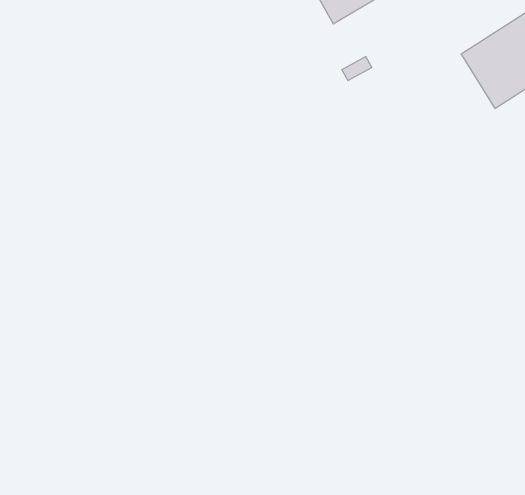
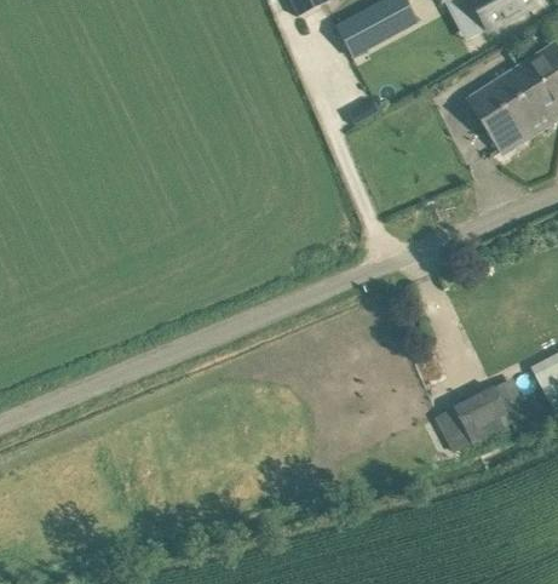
building: none -> [432,382,513,447]

